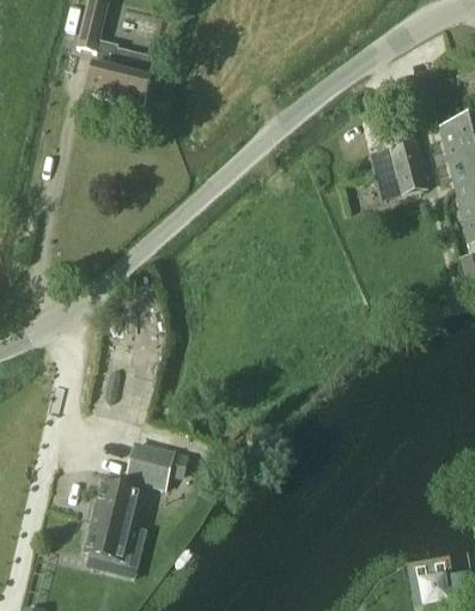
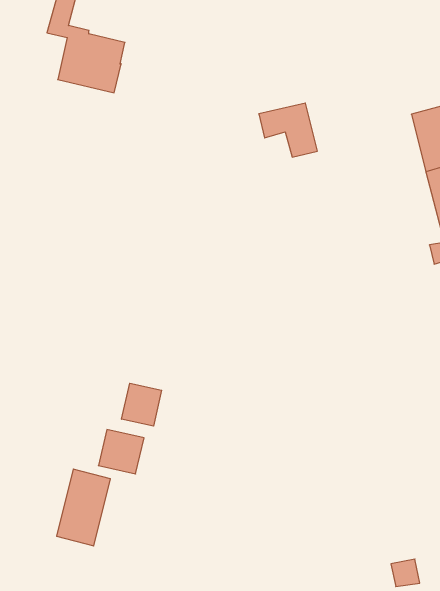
building: [370,140,428,194] -> [259,103,317,157]
building: none -> [122,383,162,426]

